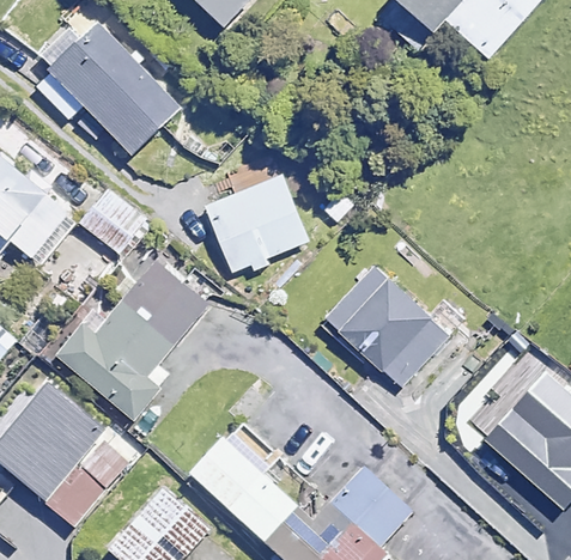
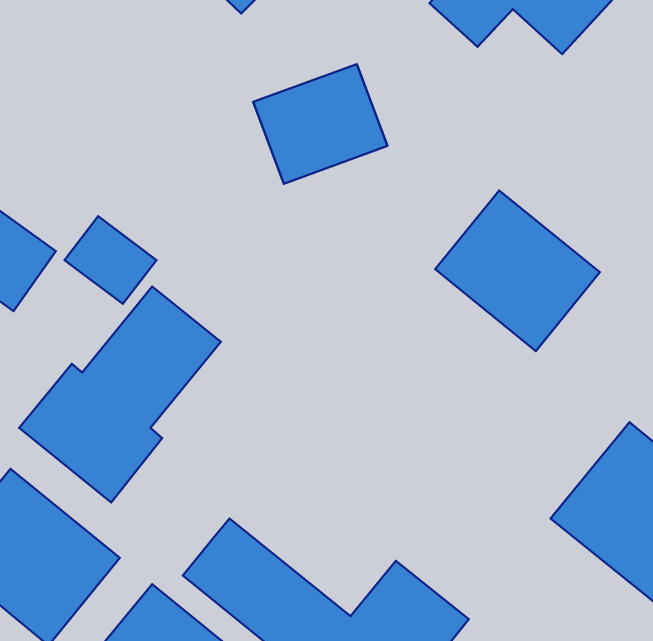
building: [35,20,181,151] -> none
building: [204,175,314,273] -> [253,64,388,184]
building: [323,262,458,394] -> [435,190,600,351]

